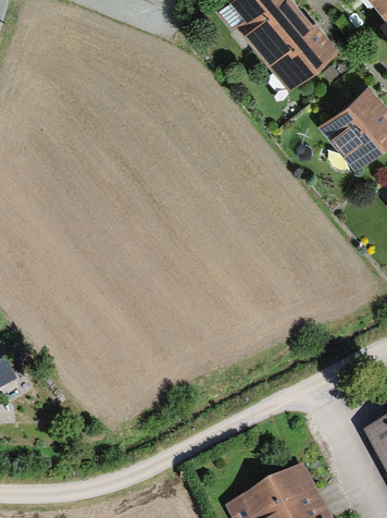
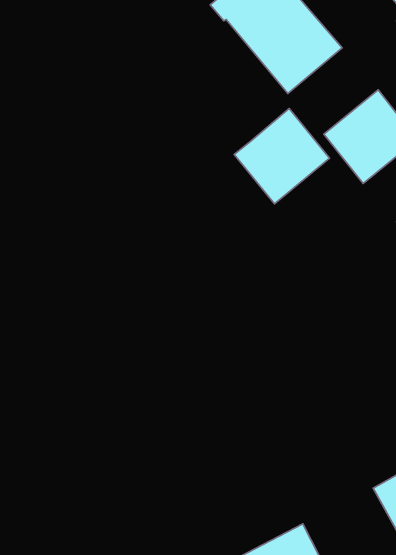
building: none -> [234,109,330,204]

